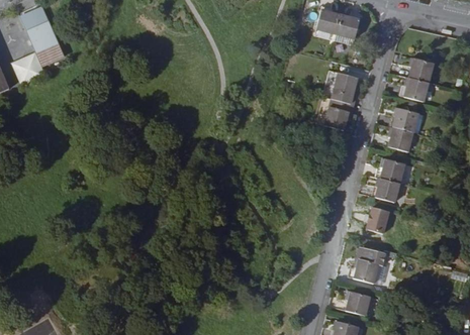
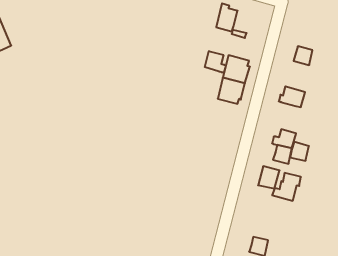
building: [335,14,359,39] -> none
building: none -> [205,51,226,73]
building: [400,77,428,102] -> none
building: [388,127,411,150] -> [290,142,309,161]
building: [356,249,391,284] -> [272,173,301,201]

